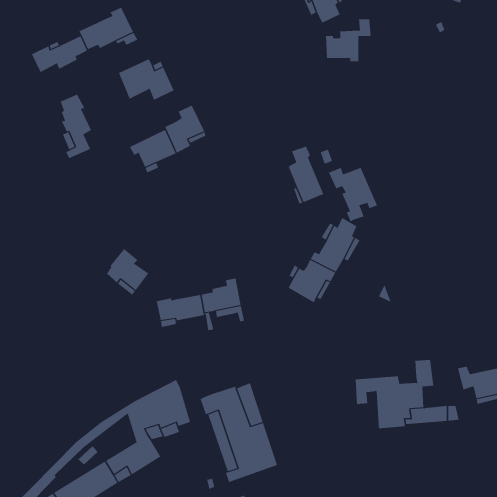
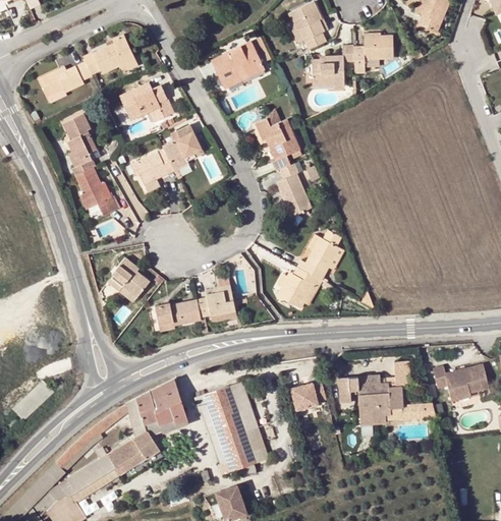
building: none -> [353,36,393,73]
building: none -> [211,42,265,88]
building: none -> [74,167,117,215]
building: [328,167,378,222] -> [256,119,301,170]
building: none -> [286,380,321,408]

